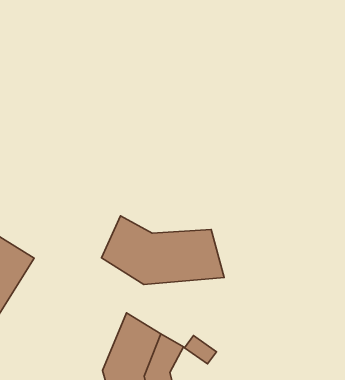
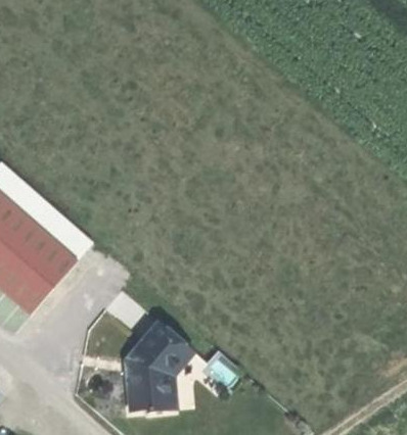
building: [101,216,224,284] -> none

